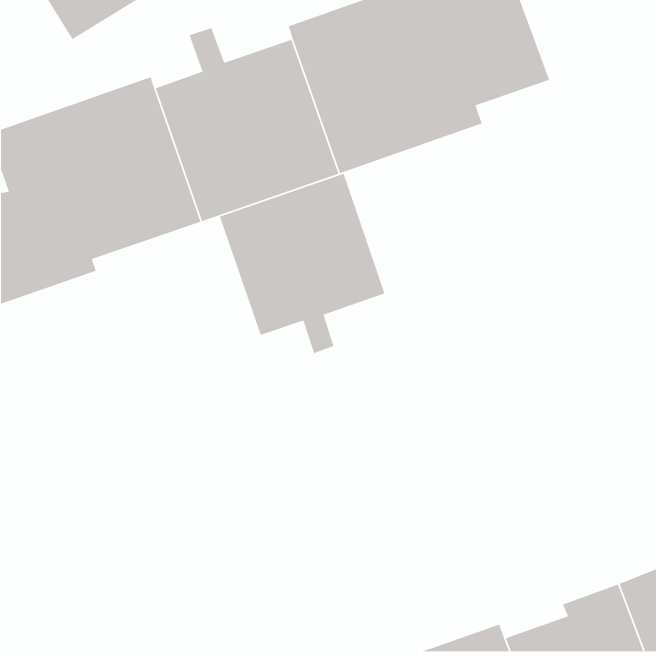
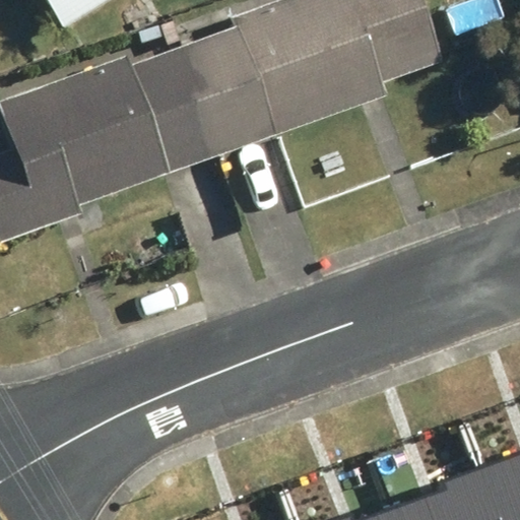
building: [219,173,385,354] -> none

